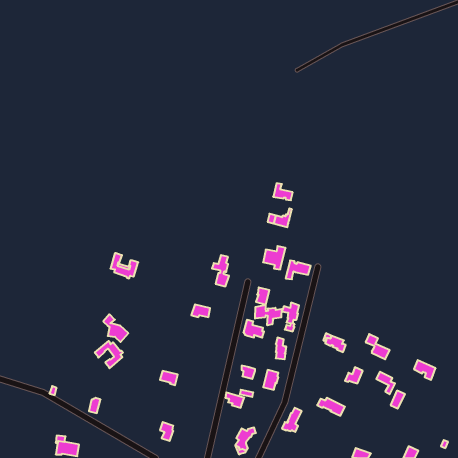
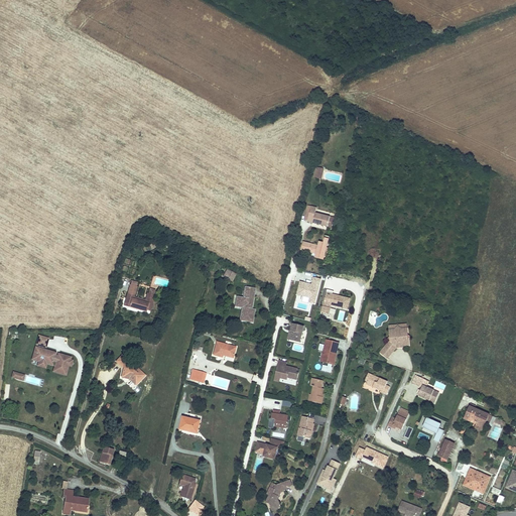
building: none -> [381,327,407,357]
building: none -> [34,336,72,374]
building: [255,305,282,325] -> none
building: [95,341,123,368] -> none
building: none -> [463,468,489,493]

